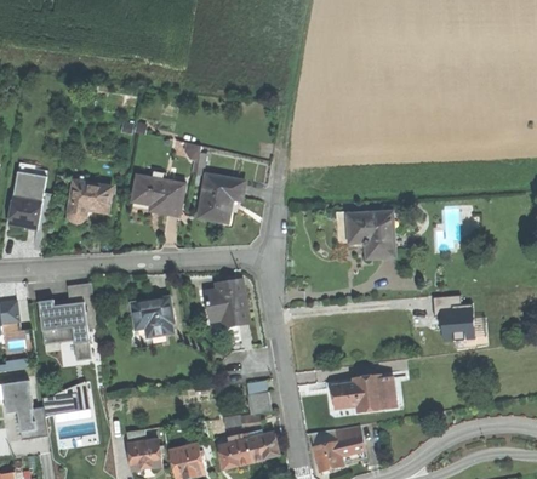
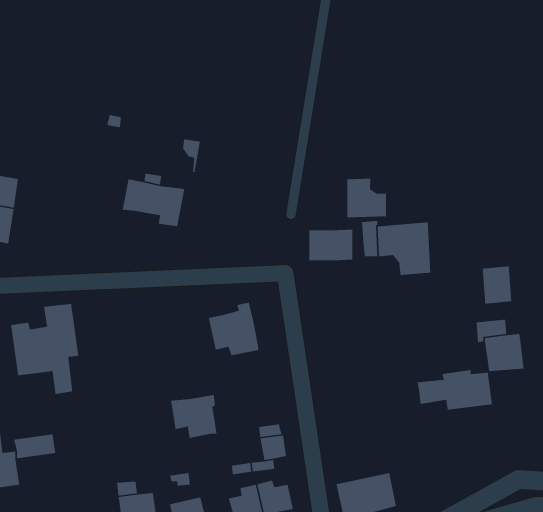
building: none -> [347,178,387,218]
building: [198,176,244,223] -> none
building: [67,183,109,223] -> none
building: none -> [309,229,353,261]
building: none -> [482,266,512,304]
building: [131,300,171,337] -> [170,394,217,439]
building: [331,376,395,411] -> [417,369,493,411]

